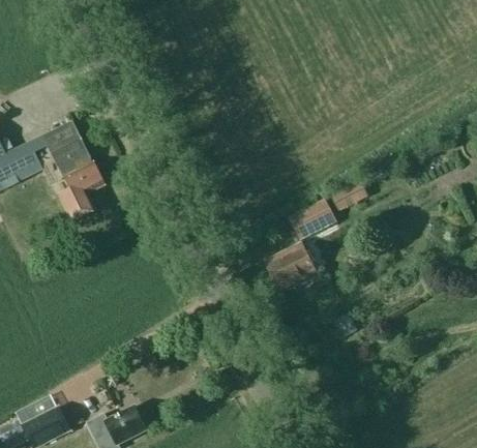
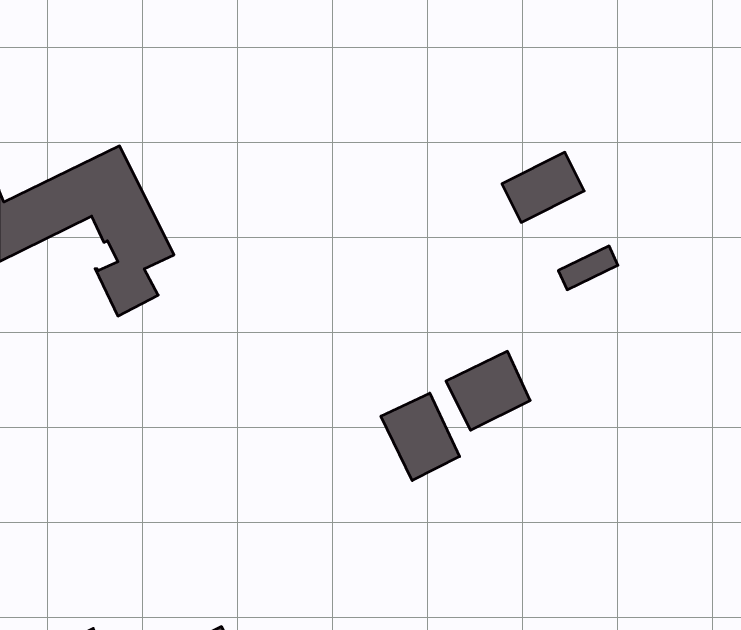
building: [288,197,336,238] -> [502,152,584,222]
building: none -> [381,393,460,481]

